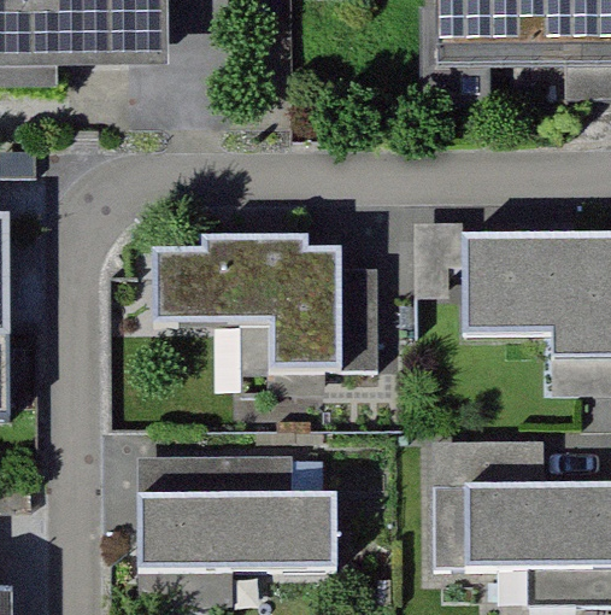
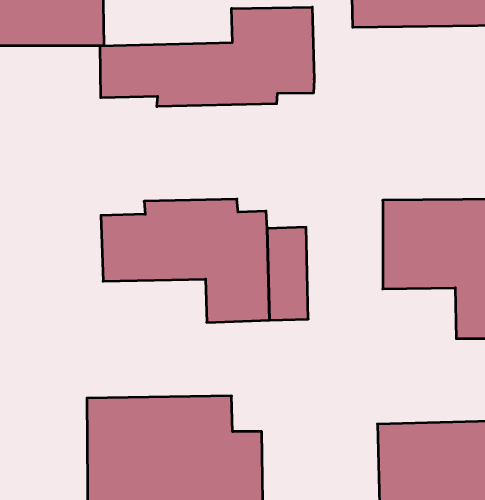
building: none -> [100,7,314,107]

